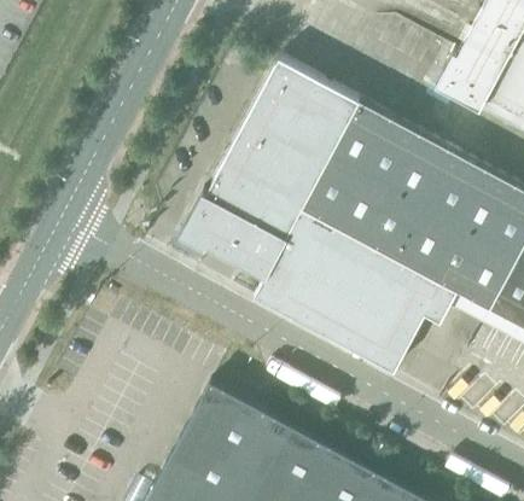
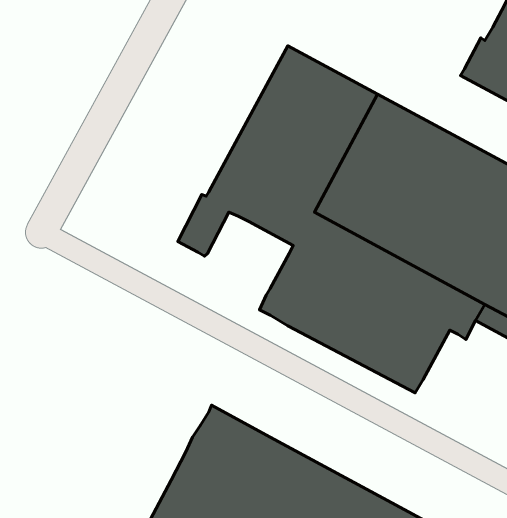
building: [208,209,285,278] -> none

